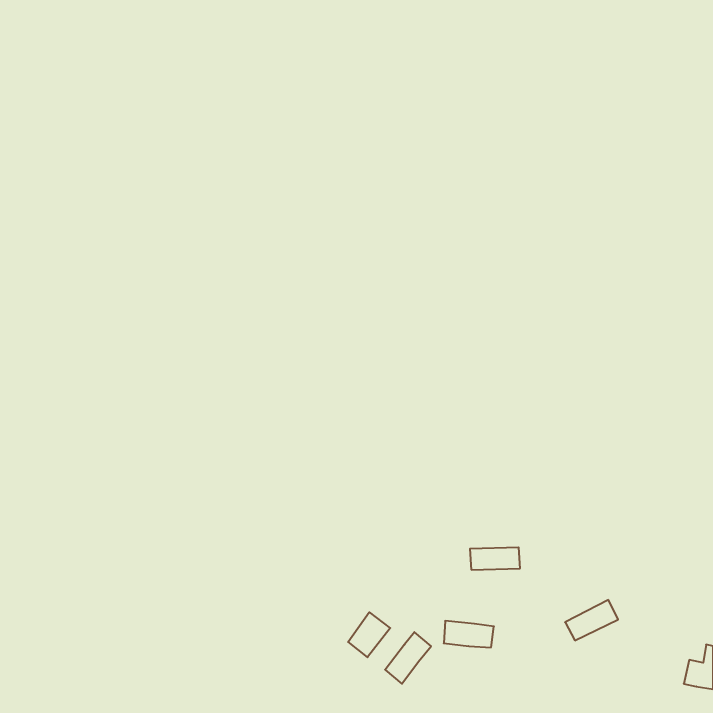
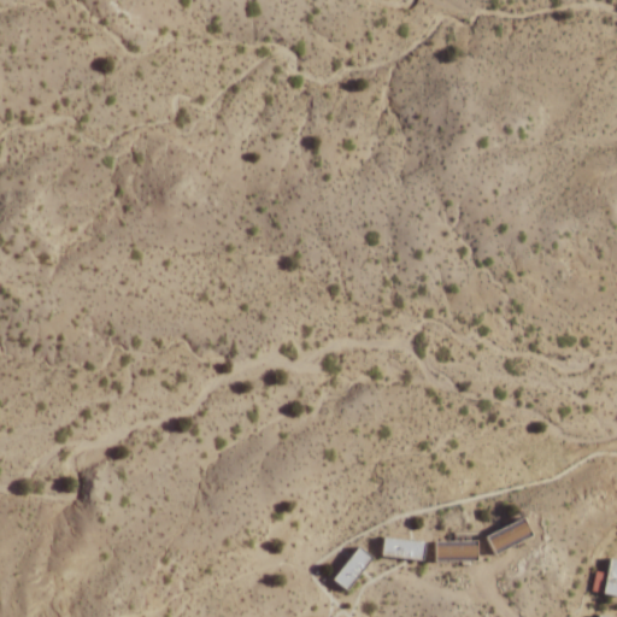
building: [470,547,520,570] -> [435,542,478,562]
building: [348,612,390,657] -> none

